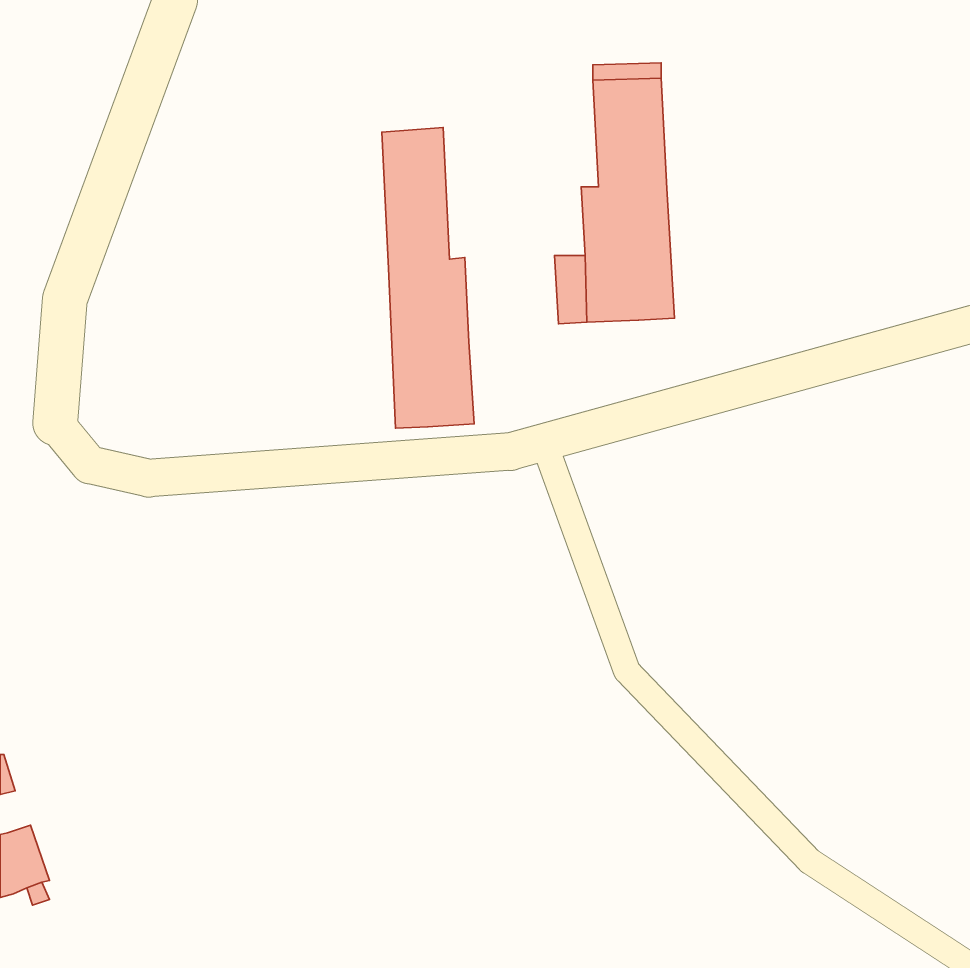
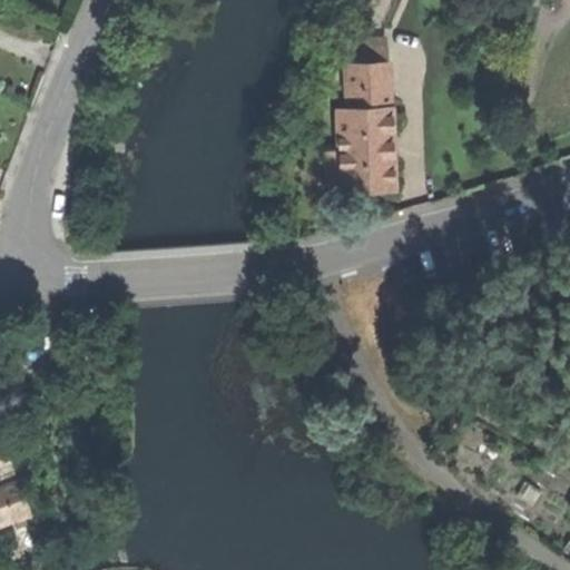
building: [382,128,474,428] -> none

